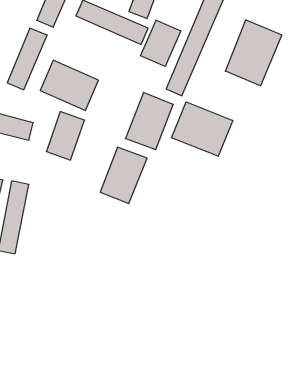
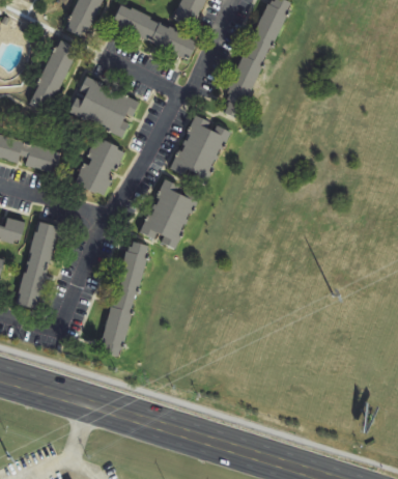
building: [225,20,282,86] -> none
building: [140,20,181,66] -> none
building: [172,102,233,156] -> none
building: none -> [101,240,147,358]

